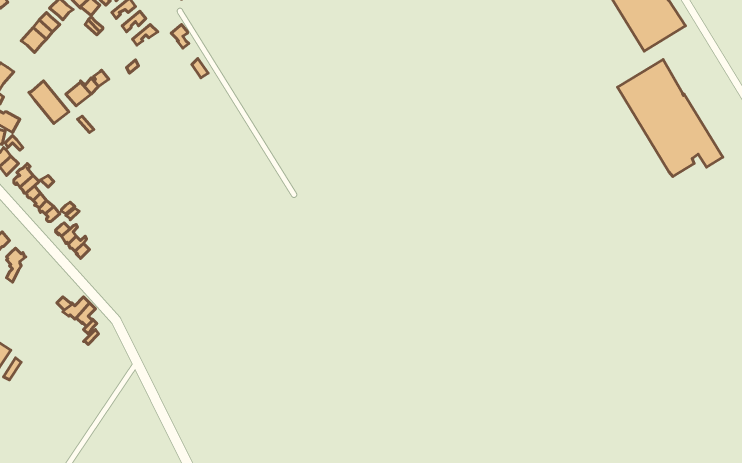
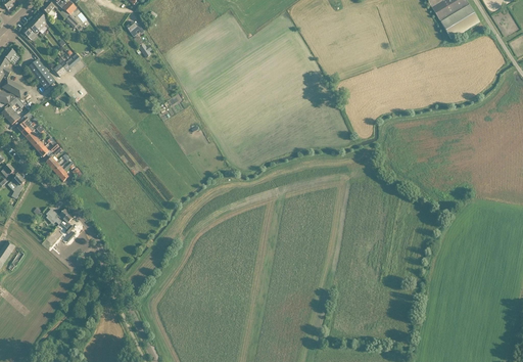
building: [618,60,723,176] -> none

